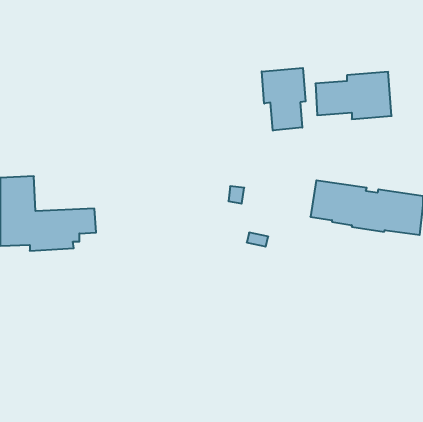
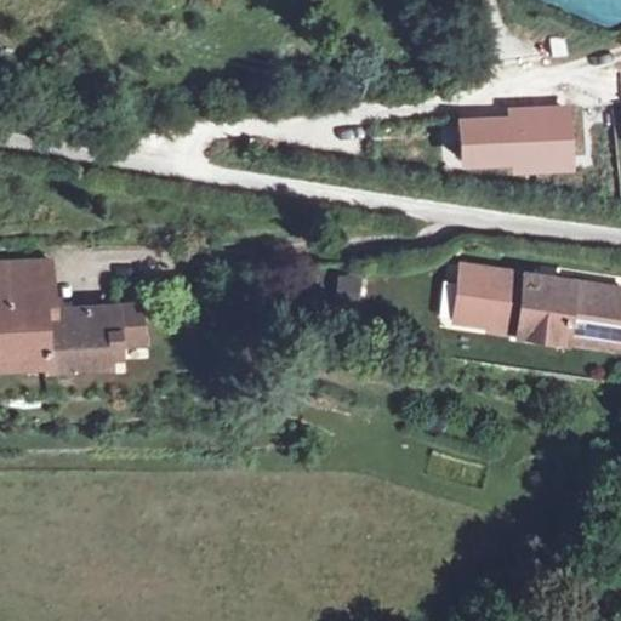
building: [262,68,306,131] -> none

